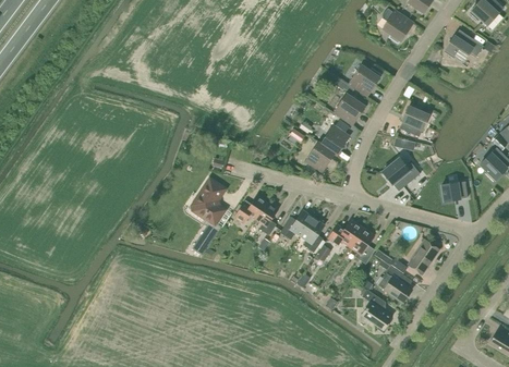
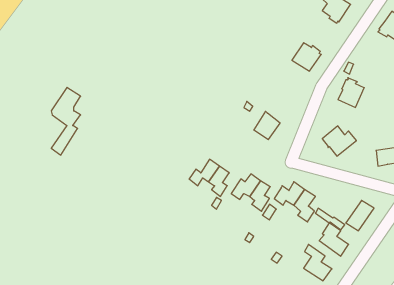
building: [332,93,365,125] -> none
building: [320,124,350,155] -> none
building: [192,179,225,254] -> [51,87,81,155]

